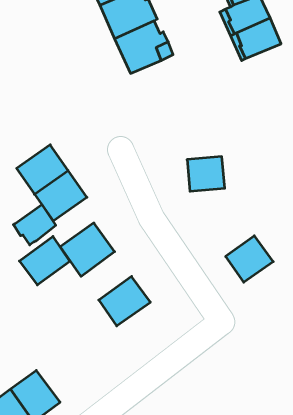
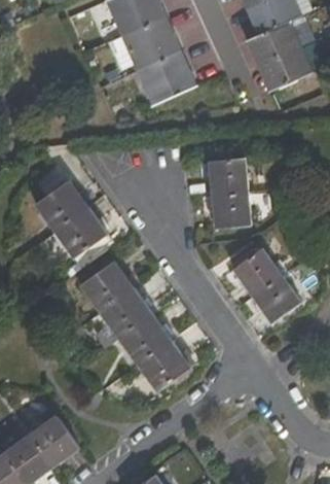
building: none -> [209,158,248,195]
building: [13,205,56,245] -> none
building: none -> [233,248,282,296]
building: [19,236,70,285] -> [102,290,154,341]
building: none -> [139,343,191,393]

